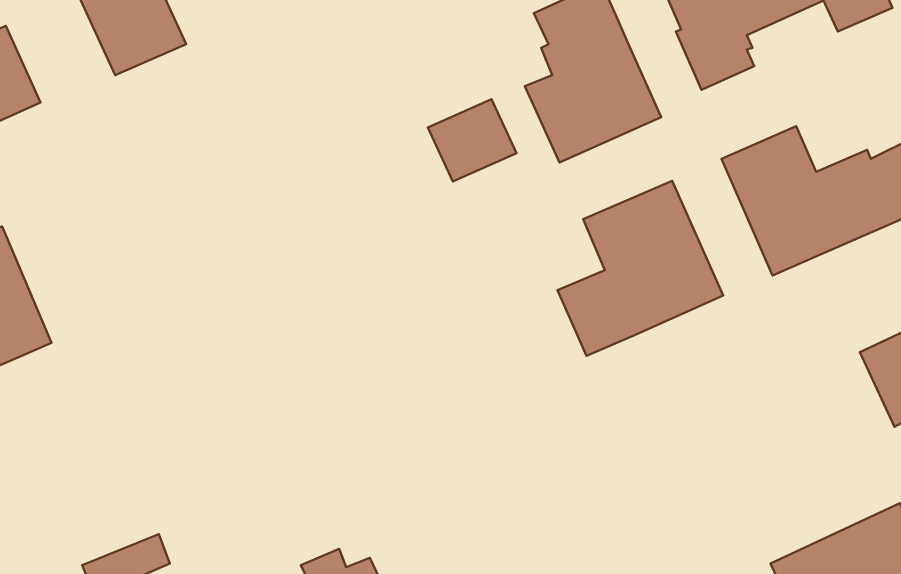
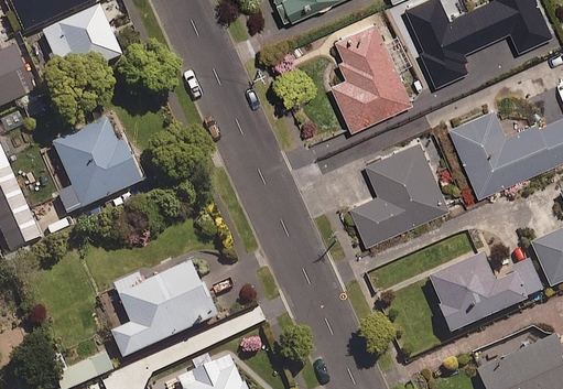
building: [428,99,517,182] -> none
building: none -> [52,118,142,208]
building: none -> [429,252,527,333]
building: none -> [109,263,214,359]

